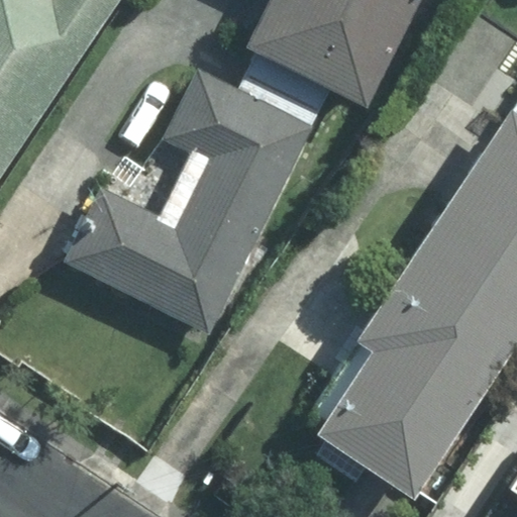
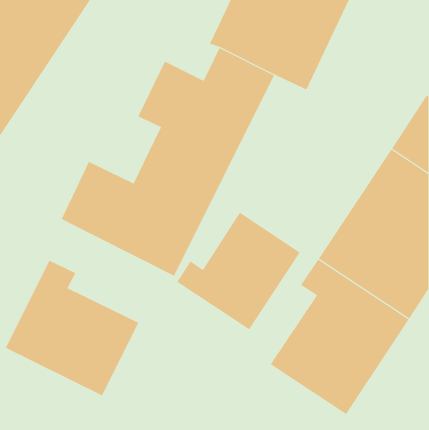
building: none -> [176,212,300,330]
building: none -> [5,260,139,396]

